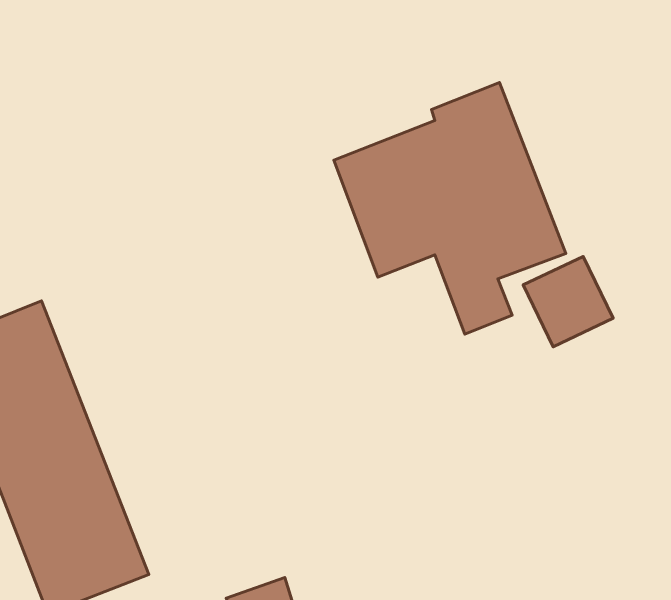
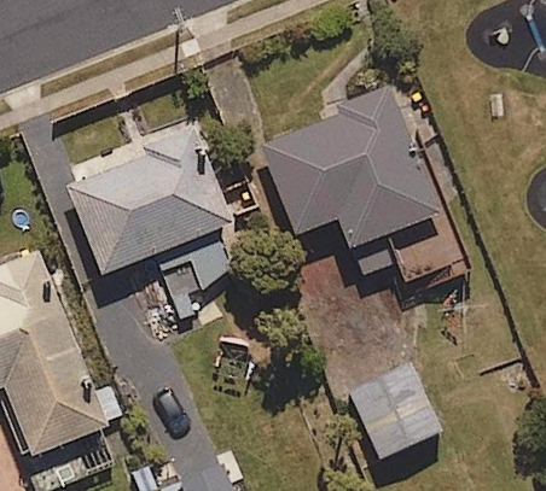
building: none -> [60,127,231,296]
building: none -> [347,364,437,457]

